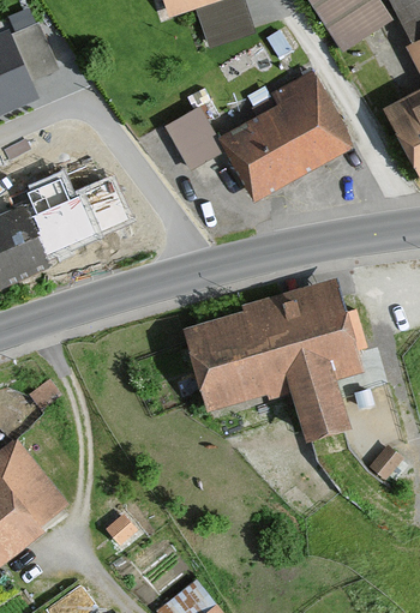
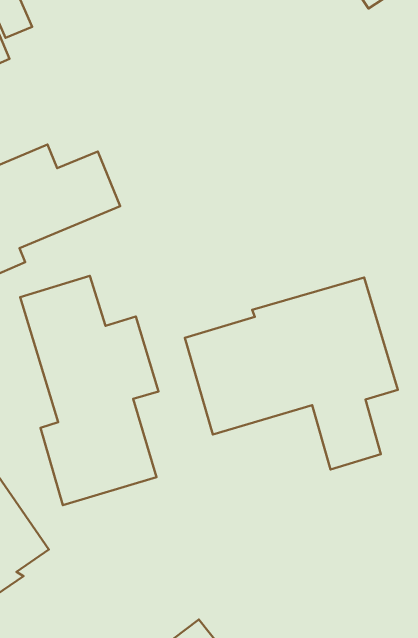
building: [167,70,350,198] -> none
building: none -> [20,276,158,505]

